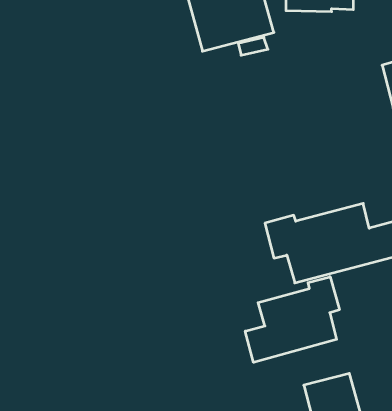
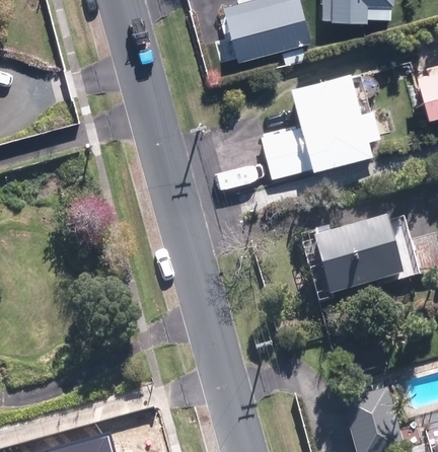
building: none -> [260,72,383,178]
building: [245,277,339,362] -> none

